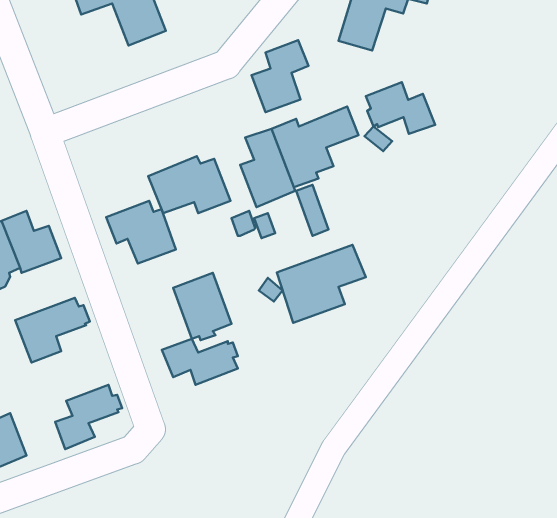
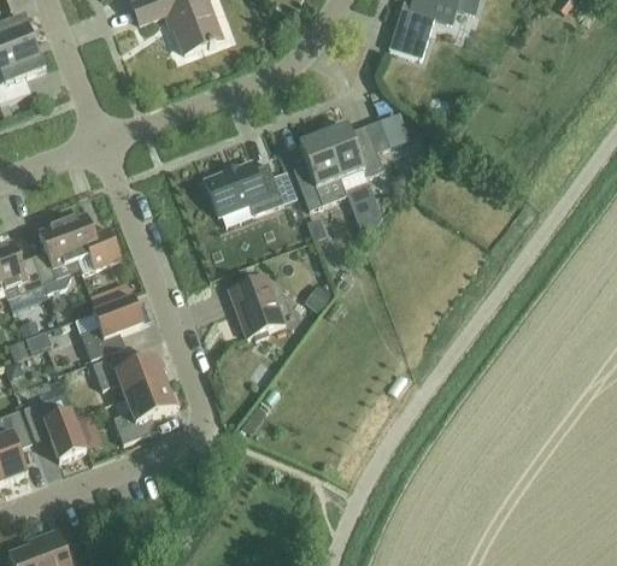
building: [251,40,308,112] -> none
building: [366,82,435,134] -> none
building: [106,201,176,264] -> none
building: [277,245,366,323] -> none
building: [162,339,238,385] -> [92,352,165,396]

